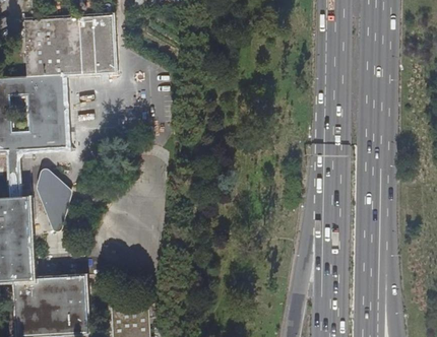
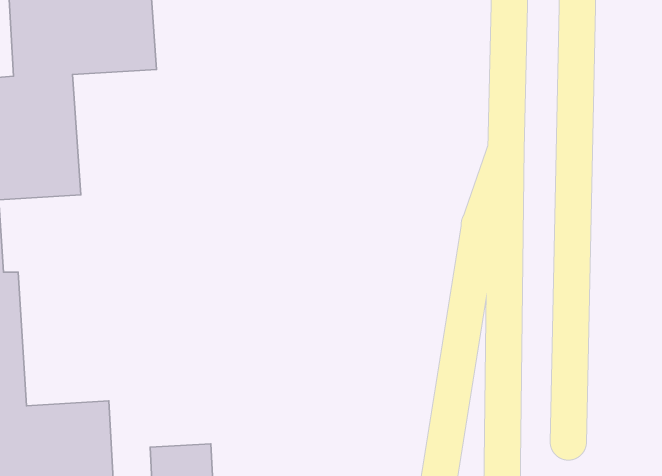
building: [29,166,70,233] -> none

